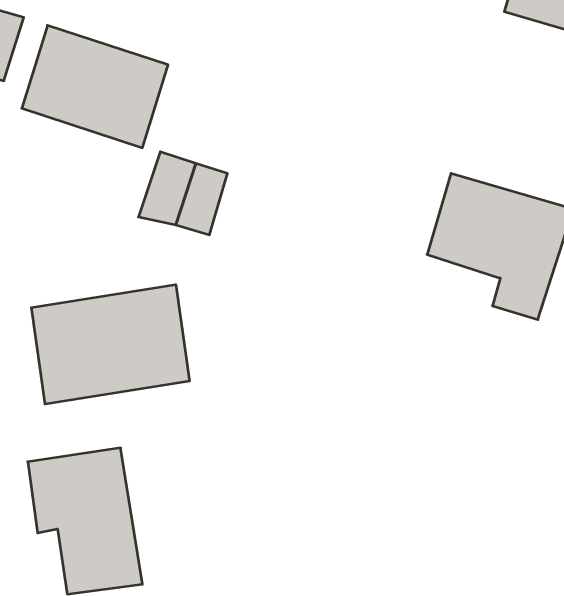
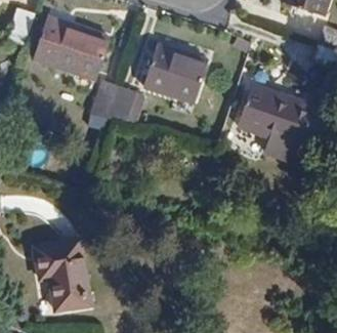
building: none -> [144,45,208,102]
building: [31,285,189,404] -> none

